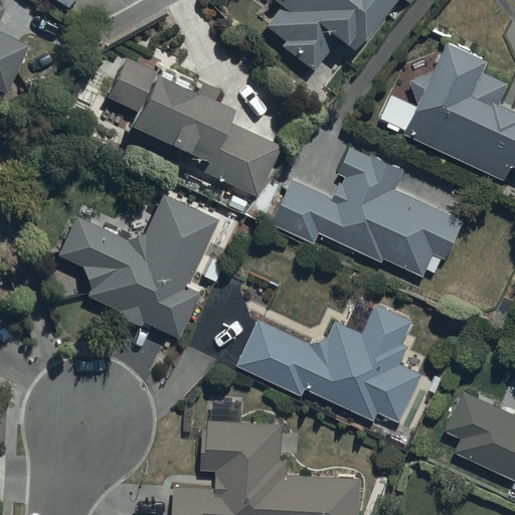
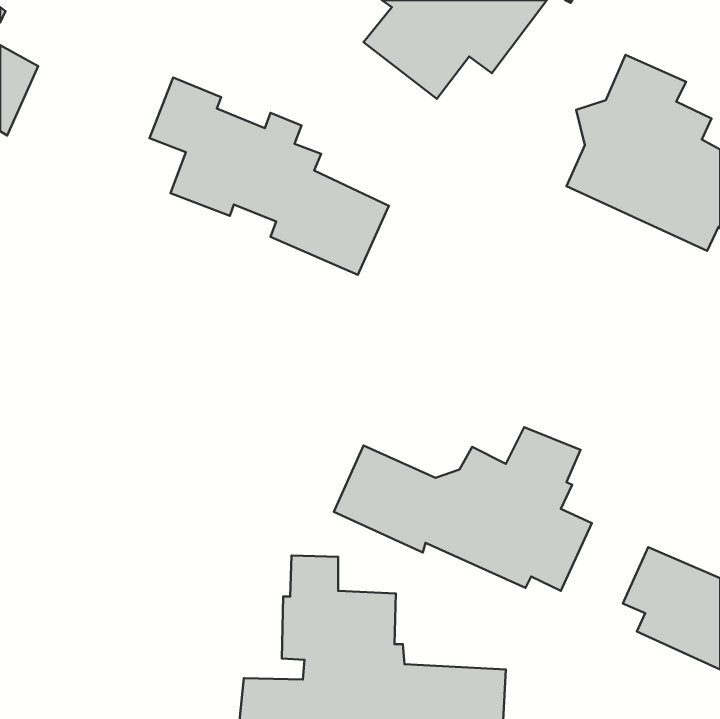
building: [271,145,463,277] -> none
building: [57,193,216,340] -> none

